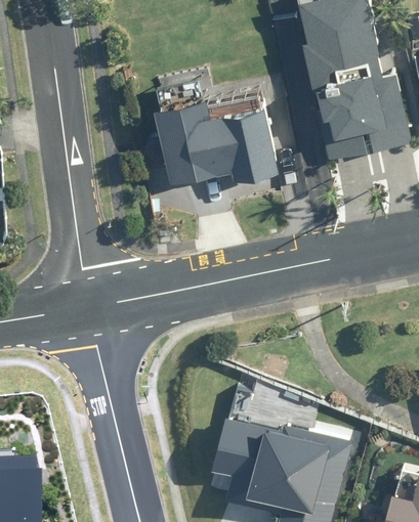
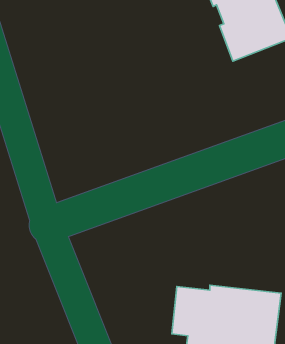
building: [160,110,280,187] -> none

